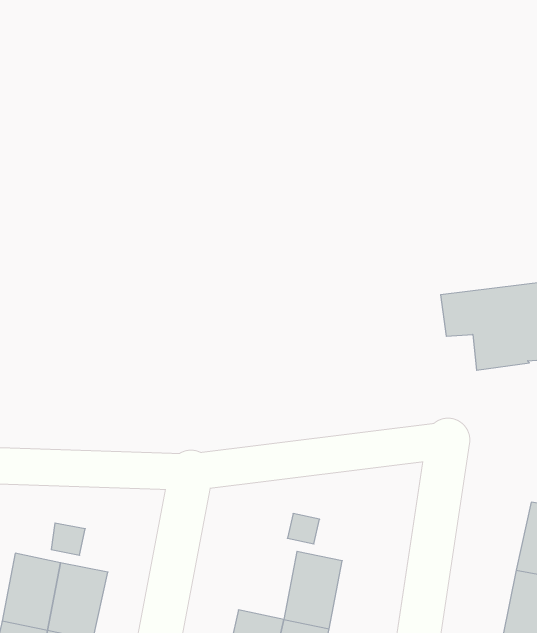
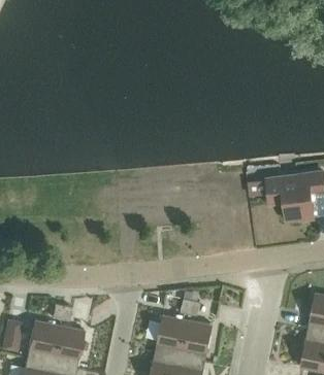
building: none -> [155,315,187,357]

